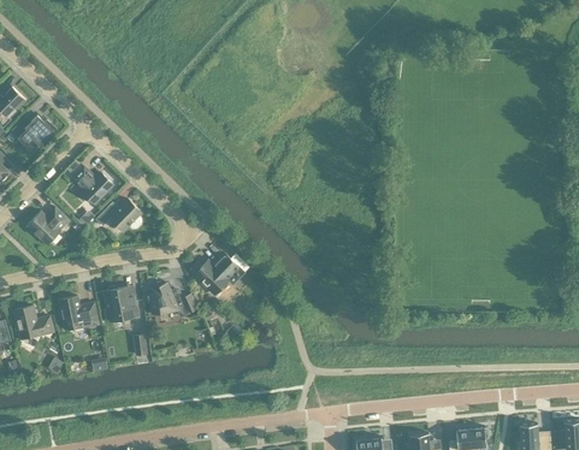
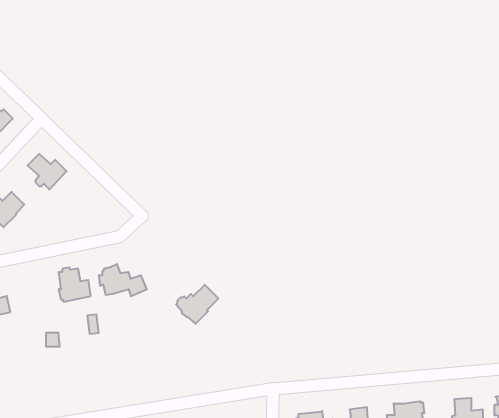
building: [96,200,142,232] -> none
building: [195,254,240,295] -> [176,285,218,324]
building: [59,296,99,330] -> none

